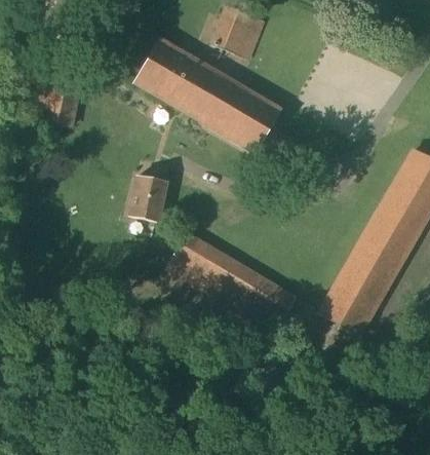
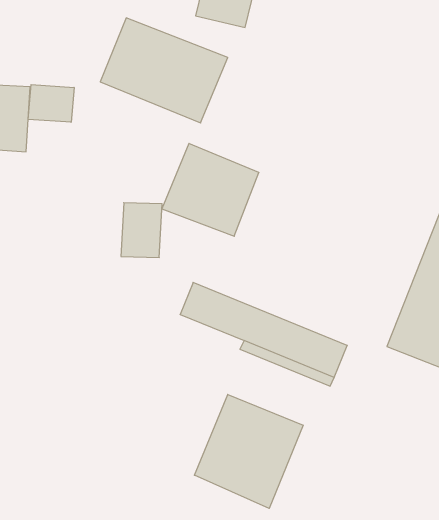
building: none -> [28,85,74,122]
building: [205,76,282,151] -> [162,143,259,236]
building: none -> [194,394,303,508]

